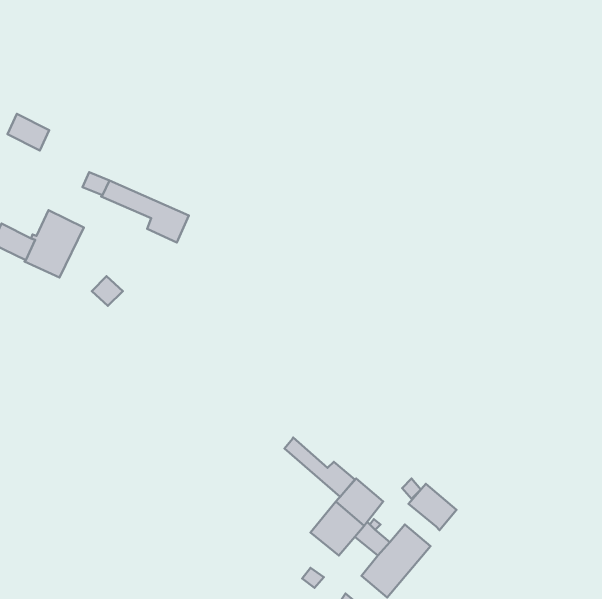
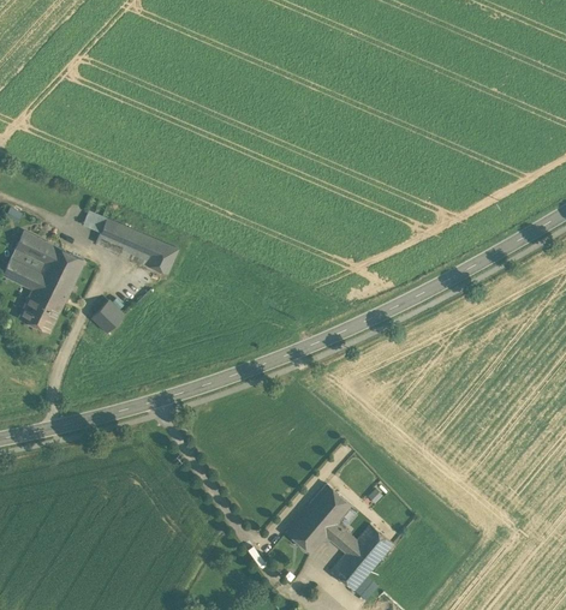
building: [7,114,49,150] -> [16,231,53,263]
building: none -> [18,291,62,333]
building: [285,437,355,497] -> none
building: [408,484,457,530] -> none

